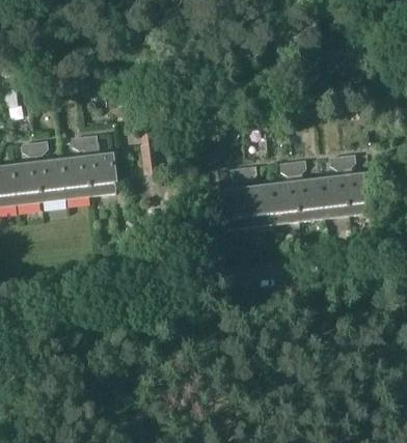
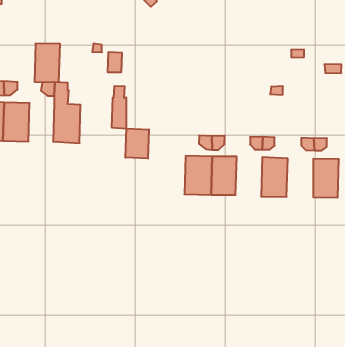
building: [60,156,88,196] -> [34,44,60,82]
building: none -> [125,128,149,159]
building: [319,174,349,215] -> none
building: [269,179,298,220] -> none

